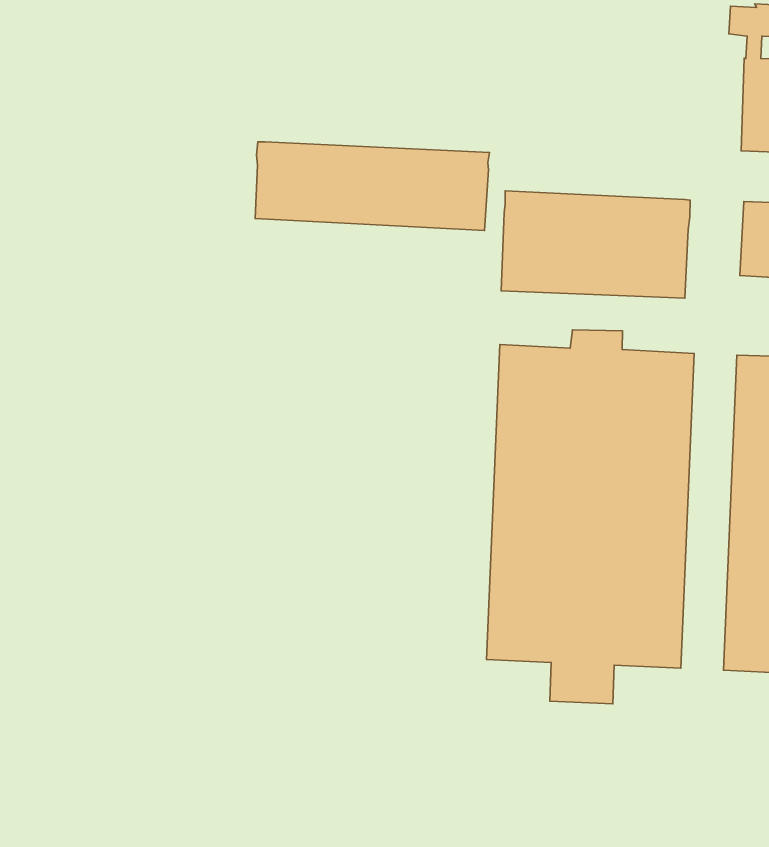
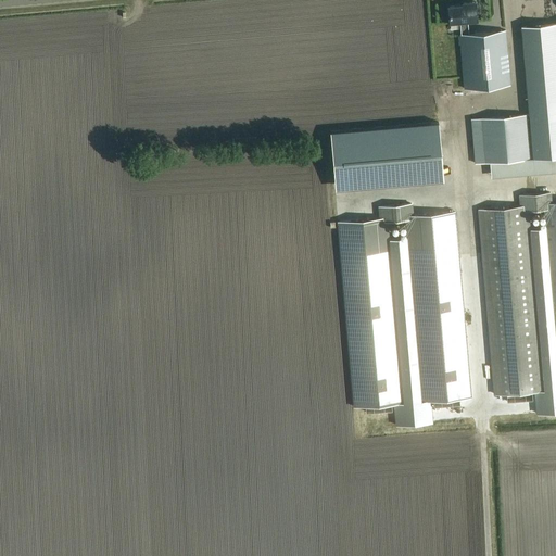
building: [255,142,489,230] -> none

